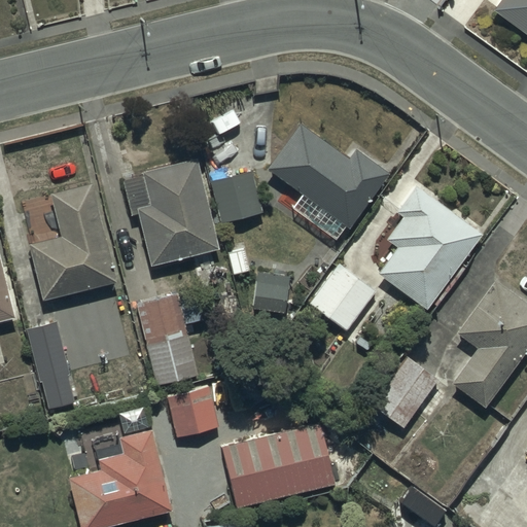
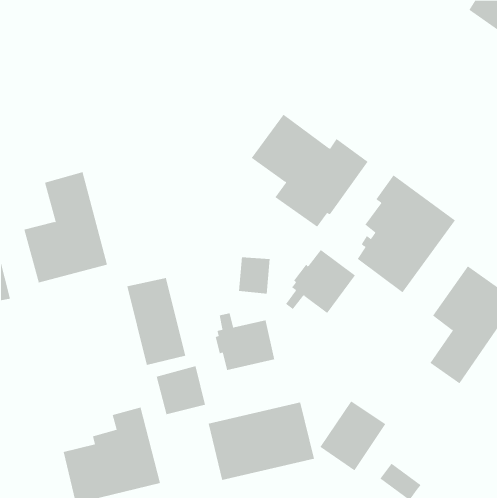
building: [124,159,219,267] -> none
building: [211,172,265,225] -> none
building: [28,322,70,408] -> none
building: none -> [215,312,275,371]
building: [370,355,440,429] -> [320,401,386,471]

